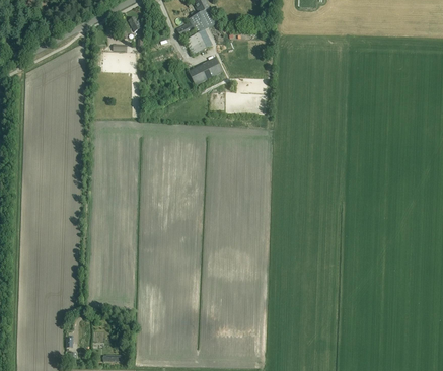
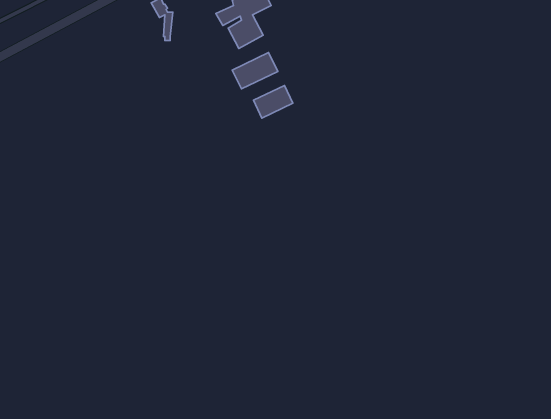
building: none -> [253,85,293,118]

